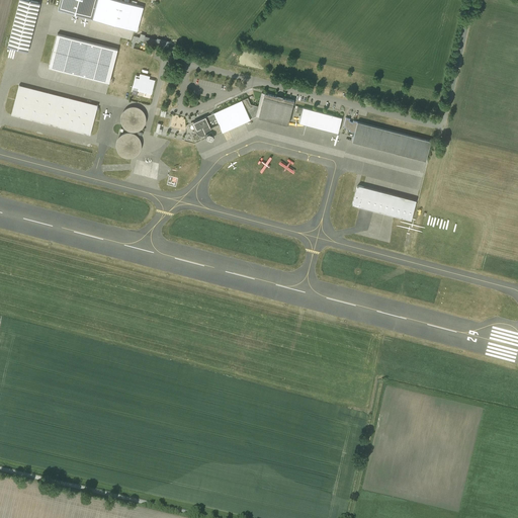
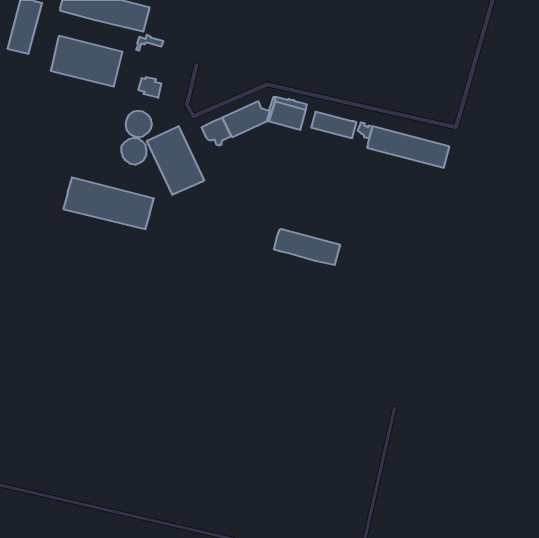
building: [11,86,98,136] -> [63,177,154,229]
building: none -> [147,126,204,195]
building: [352,186,416,221] -> [274,229,340,265]

